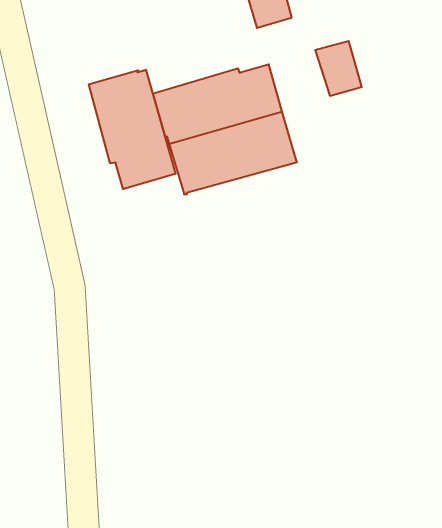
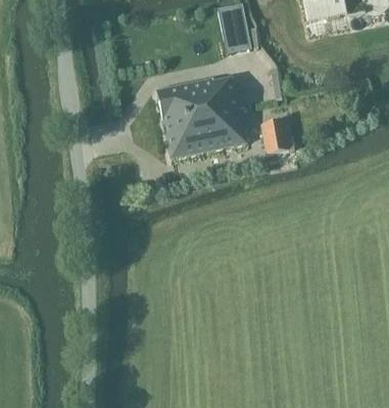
building: [315,41,362,96] -> [262,120,291,154]
building: [89,70,176,189] -> none

